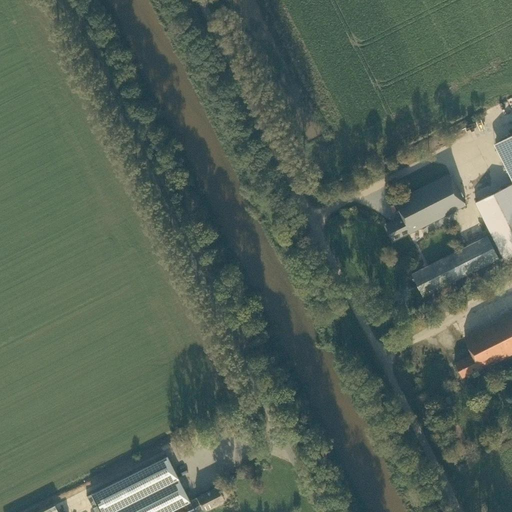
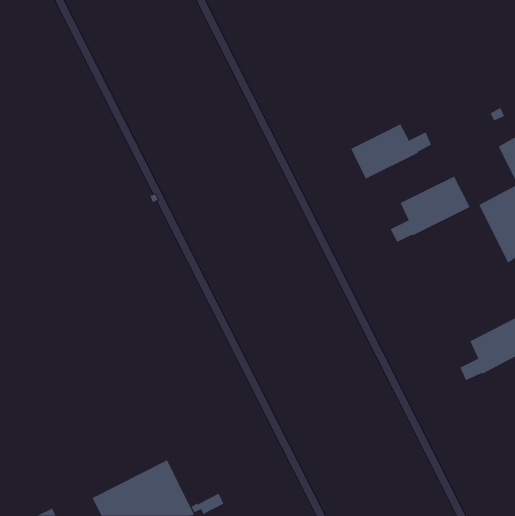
building: none -> [351,123,432,179]
building: [413,236,500,297] -> none

